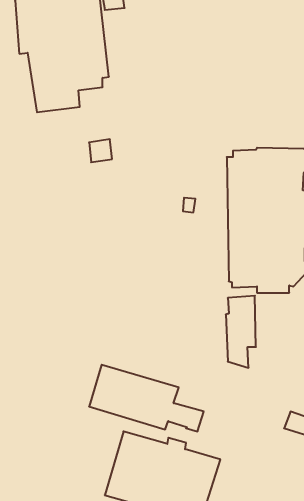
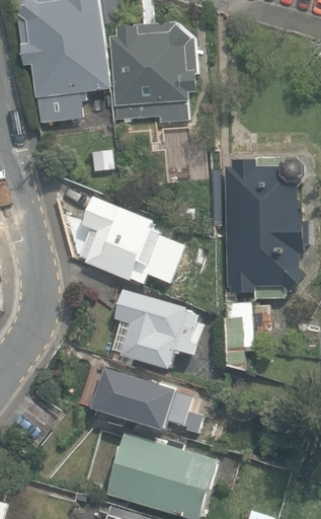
building: none -> [109,22,197,123]
building: none -> [77,198,173,284]
building: none -> [110,290,197,370]

